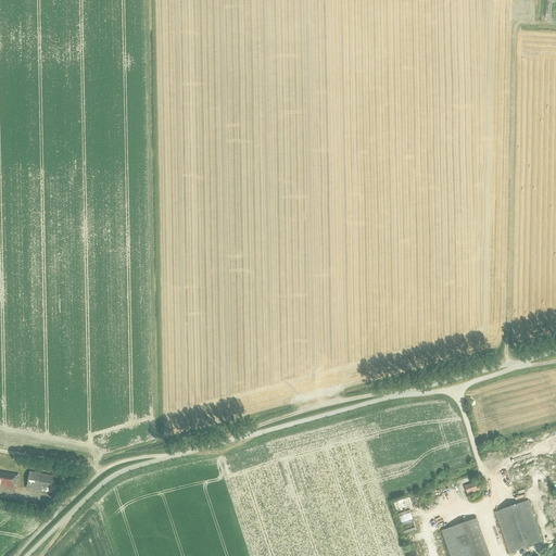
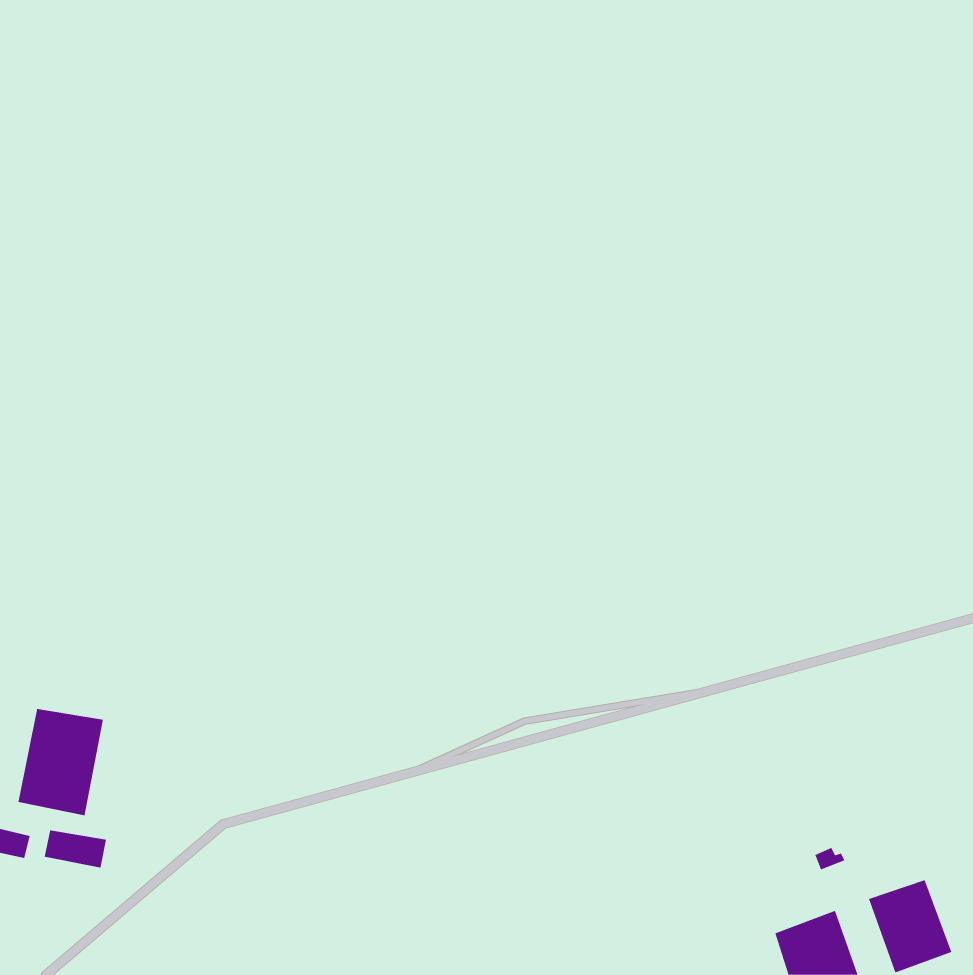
building: none -> [18,708,104,816]

